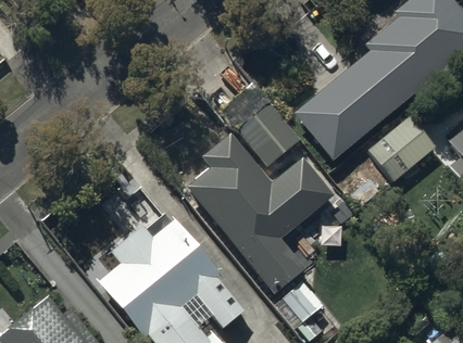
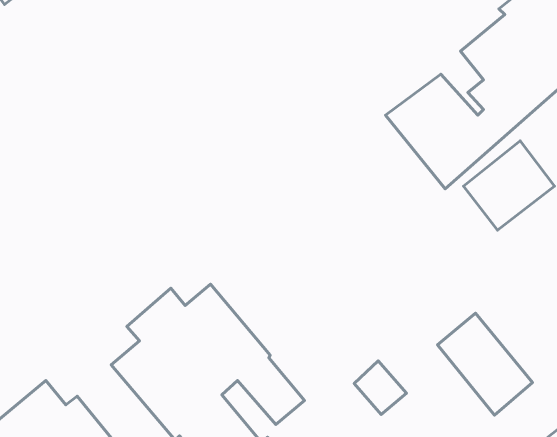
building: [187,131,338,293] -> none
building: none -> [437,313,533,415]

